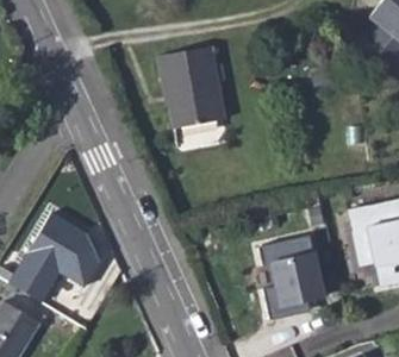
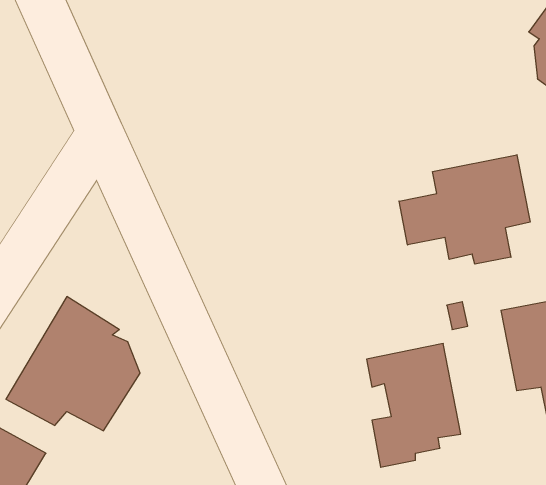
building: [155,46,223,131] -> none
building: none -> [399,155,530,264]

